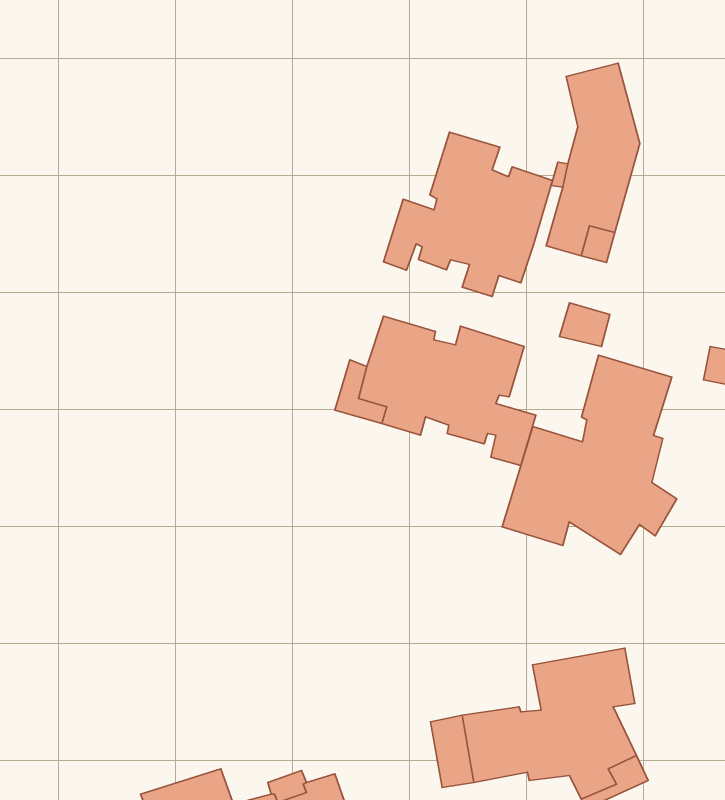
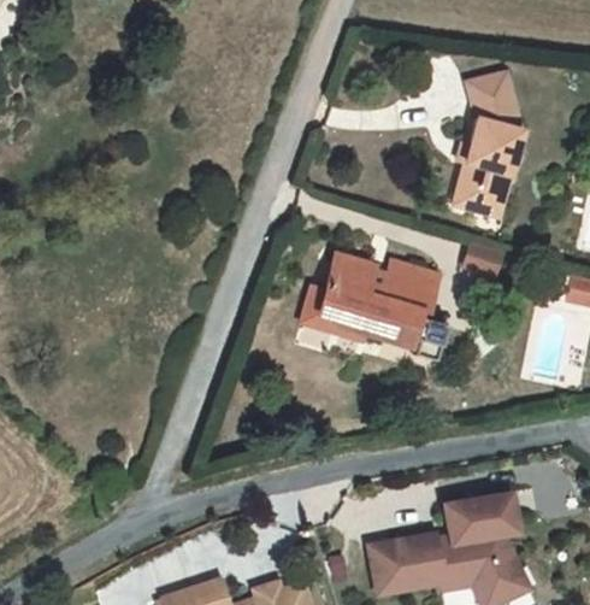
building: [383,132,553,296] -> none
building: [502,355,677,554] -> none

